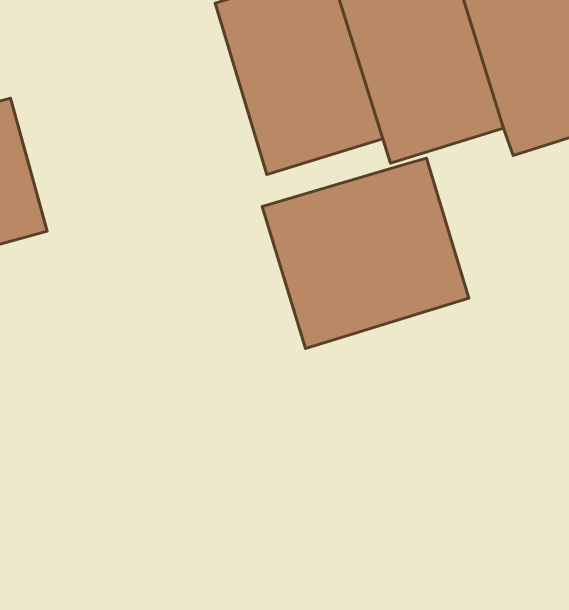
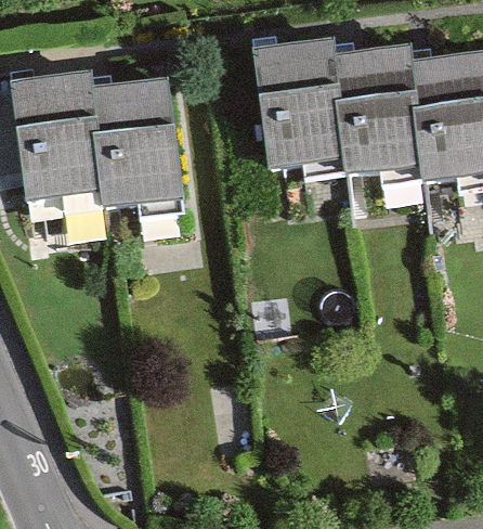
building: none -> [103,88,181,199]
building: [262,158,469,349] -> none

